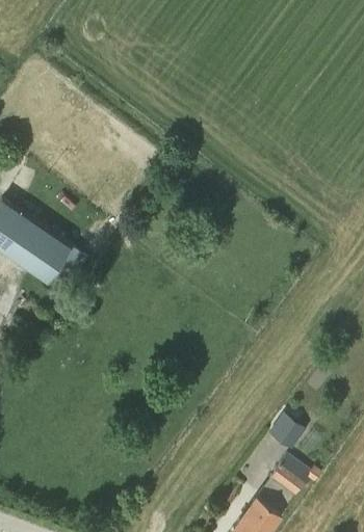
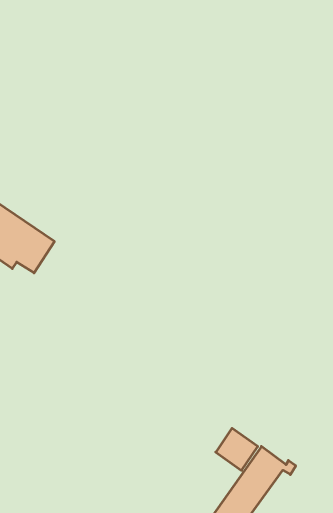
building: [264,411,305,452] -> [216,428,258,470]

